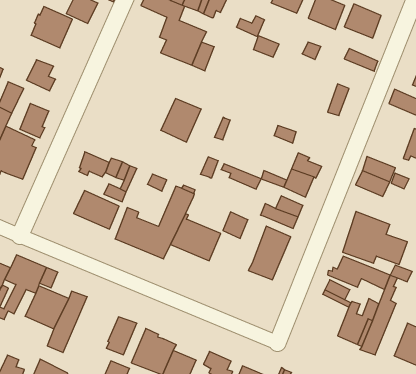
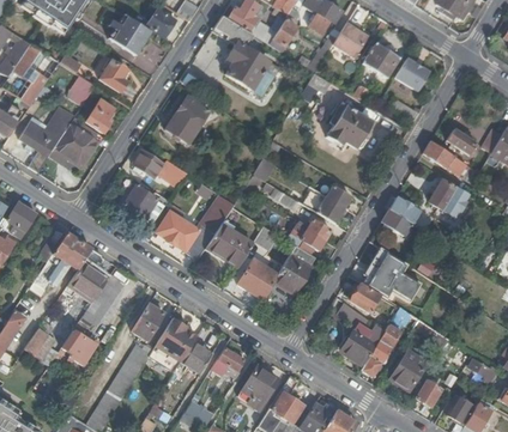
building: none -> [328,105,375,151]
building: [161,99,201,142] -> [169,97,208,138]
building: none -> [237,260,277,299]

